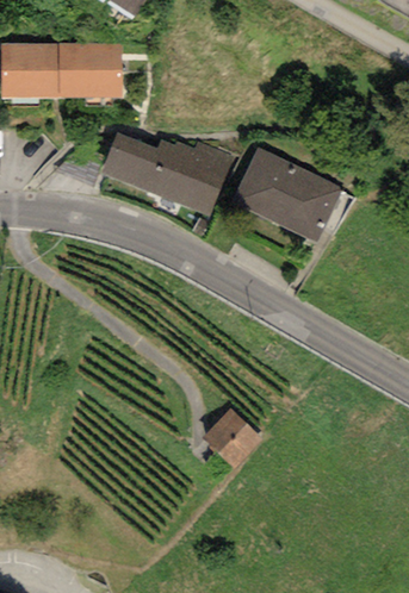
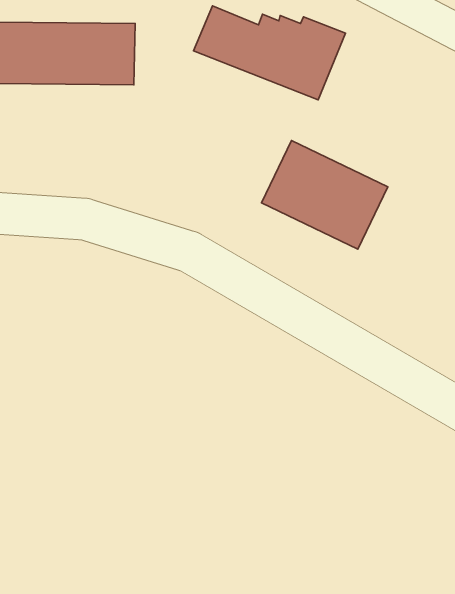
building: [100,132,234,214] -> [193,6,345,100]
building: [203,410,261,468] -> none

